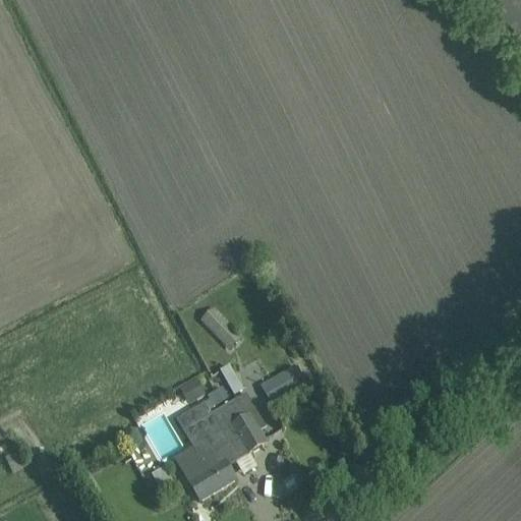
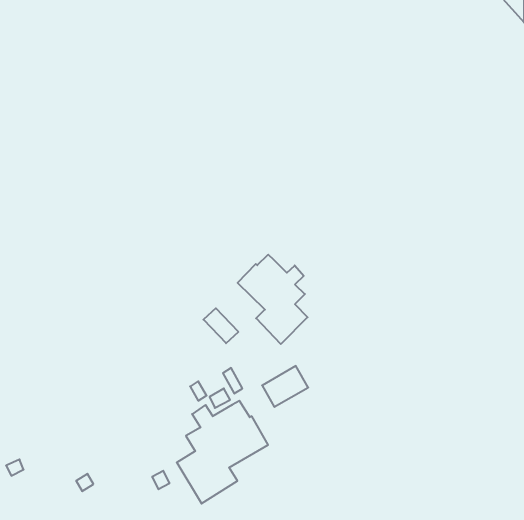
building: none -> [238,255,308,344]

